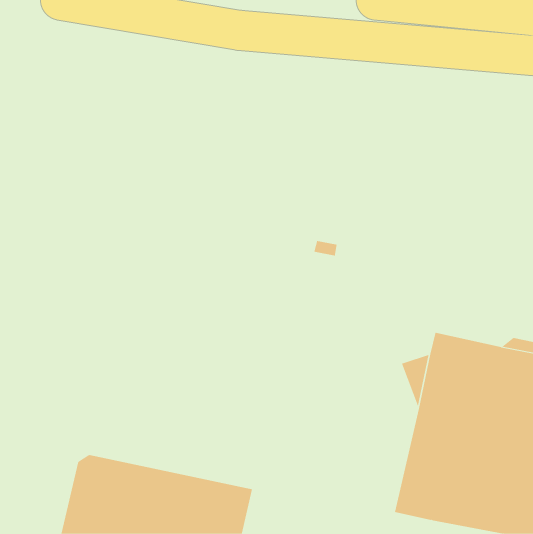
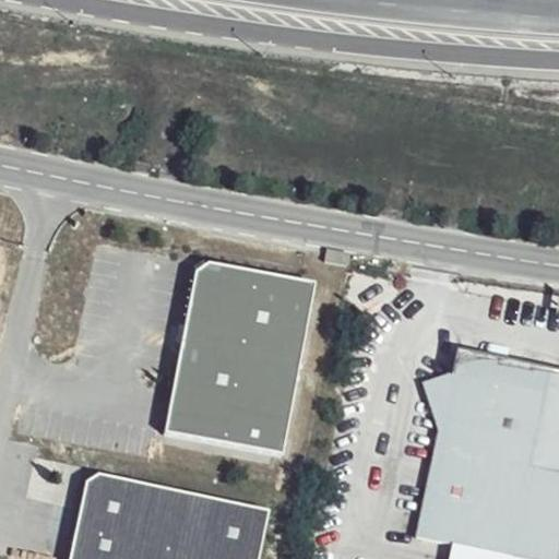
building: none -> [166,264,317,456]

